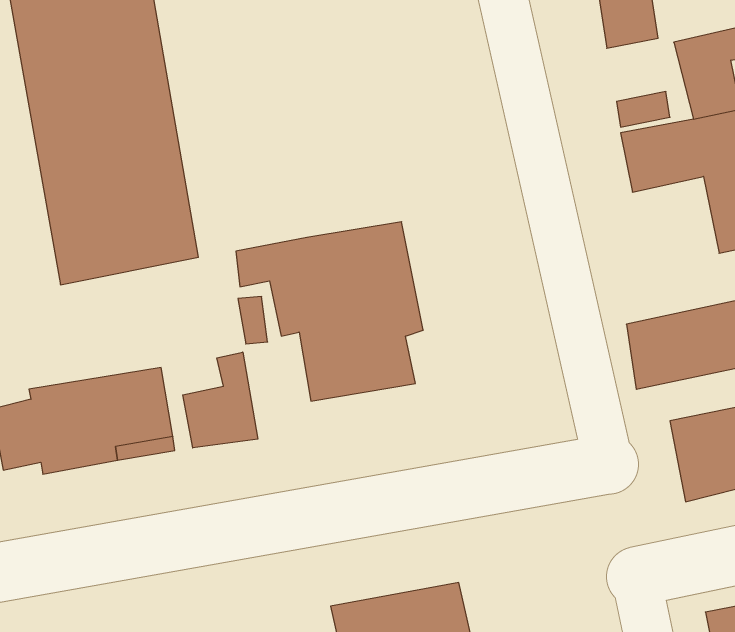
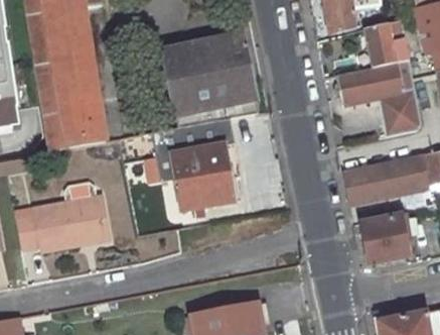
building: none -> [160,34,257,128]
building: [183,352,258,448] -> none

